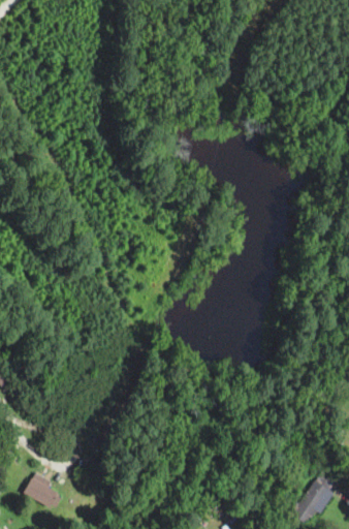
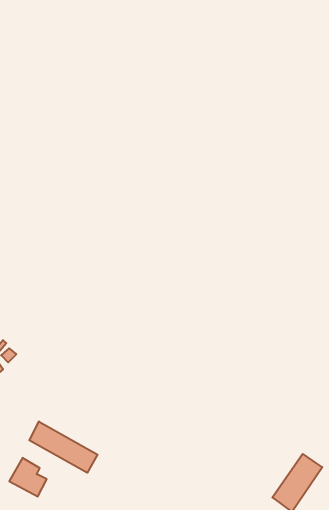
building: none -> [29,421,98,473]

